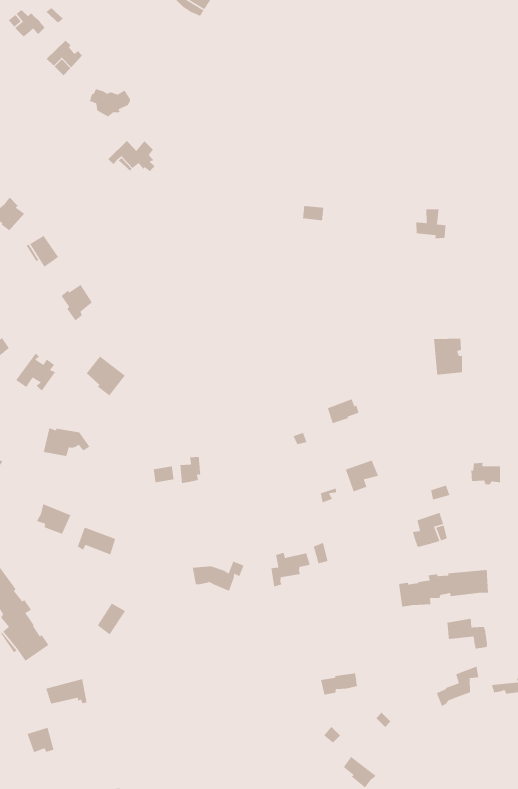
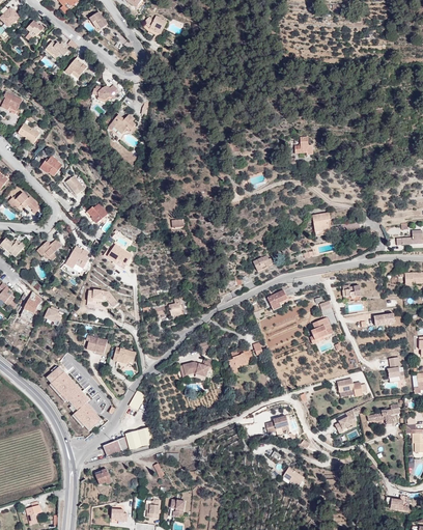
building: [398,569,489,607] -> none
building: none -> [125,426,156,450]

